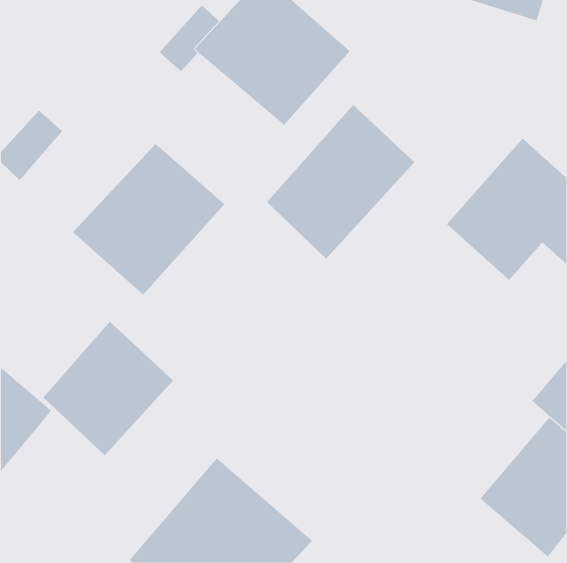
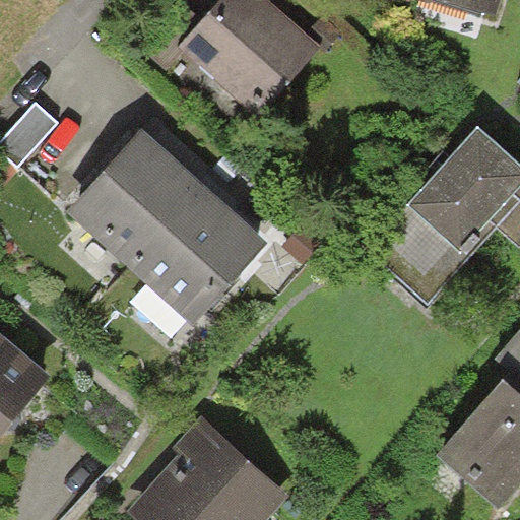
building: [266,104,415,259] -> none
building: none -> [131,187,268,326]
building: [43,321,174,456] -> none

